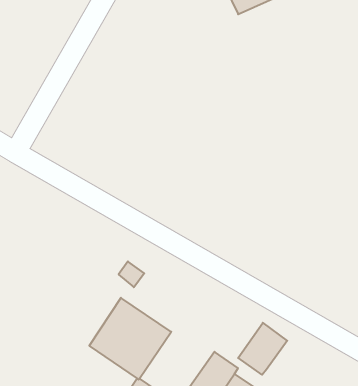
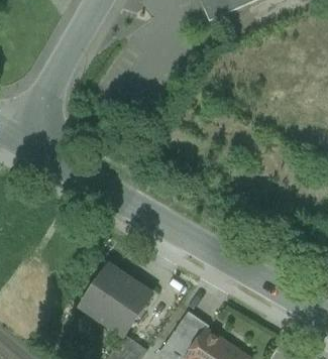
building: [238,323,287,375] -> none

